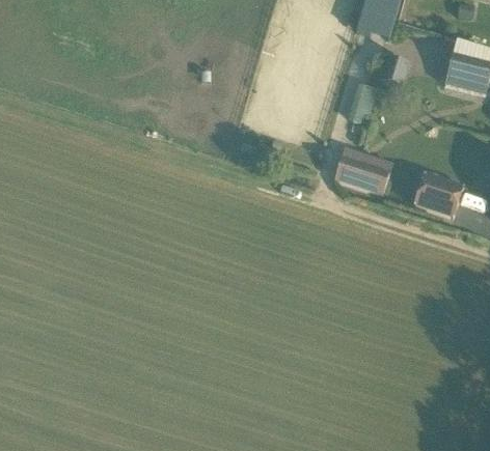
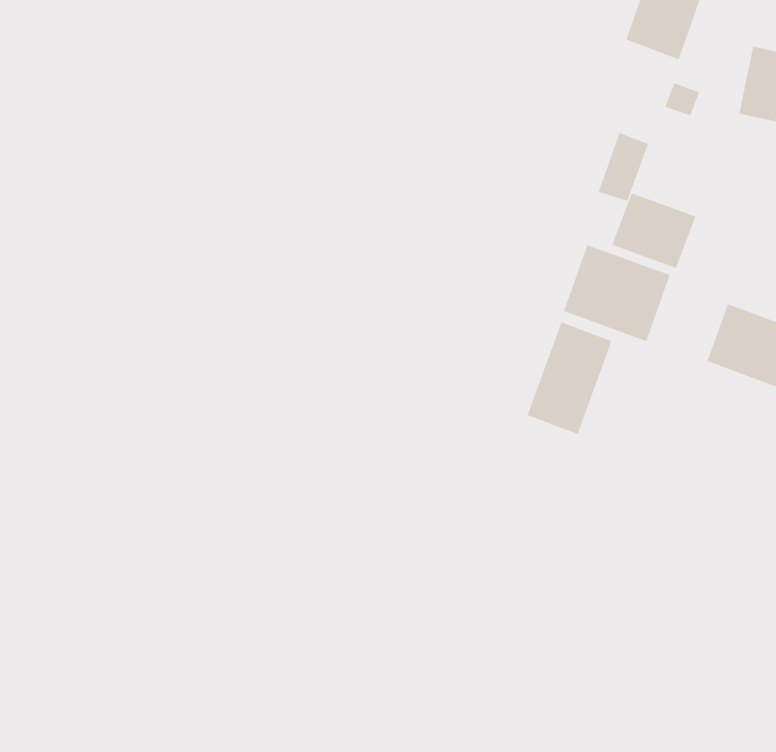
building: none -> [612,193,696,269]
building: none -> [527,322,612,435]

